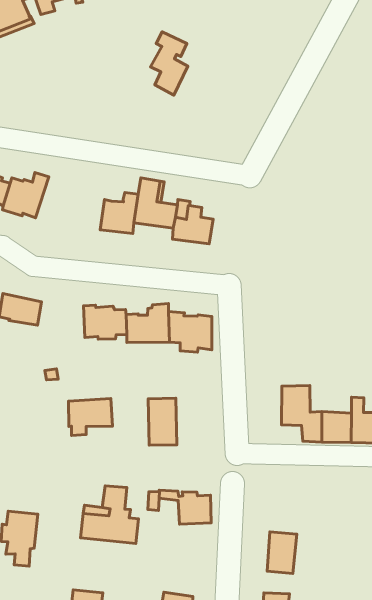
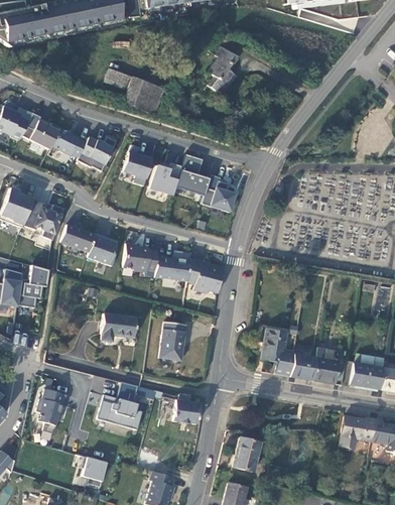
building: none -> [107,68,163,113]
building: none -> [123,143,153,184]
building: none -> [88,232,119,265]

